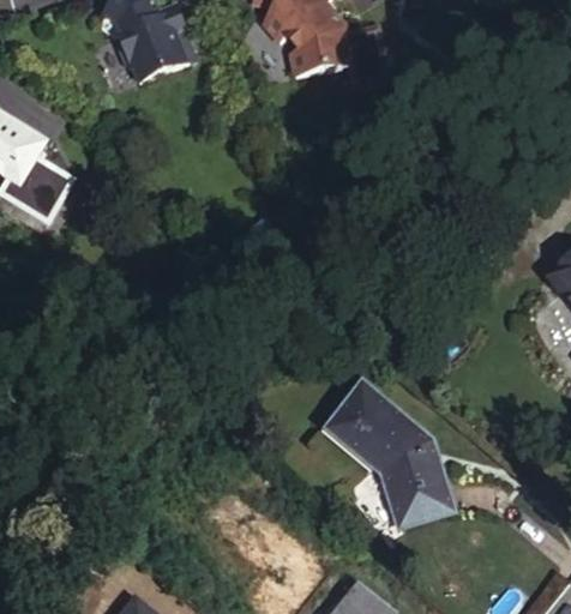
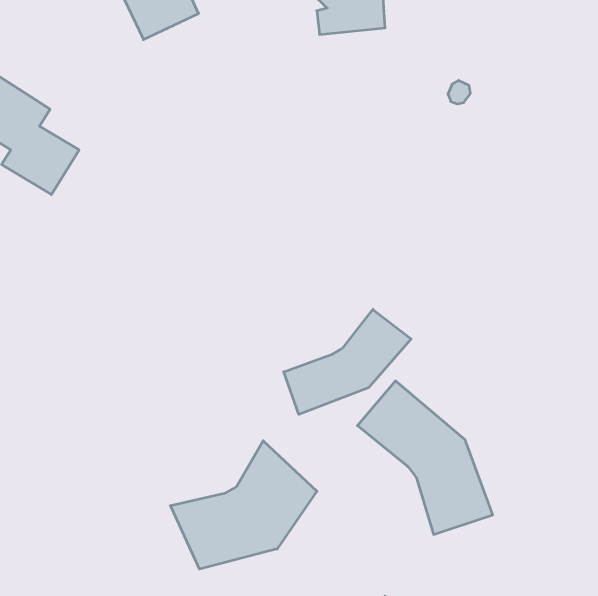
building: none -> [284,309,411,414]
building: none -> [170,441,317,569]

